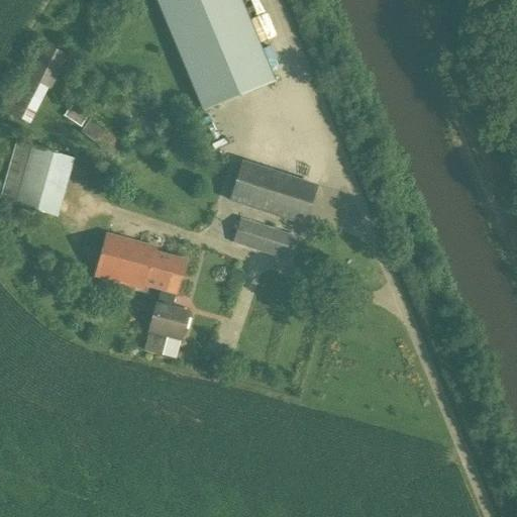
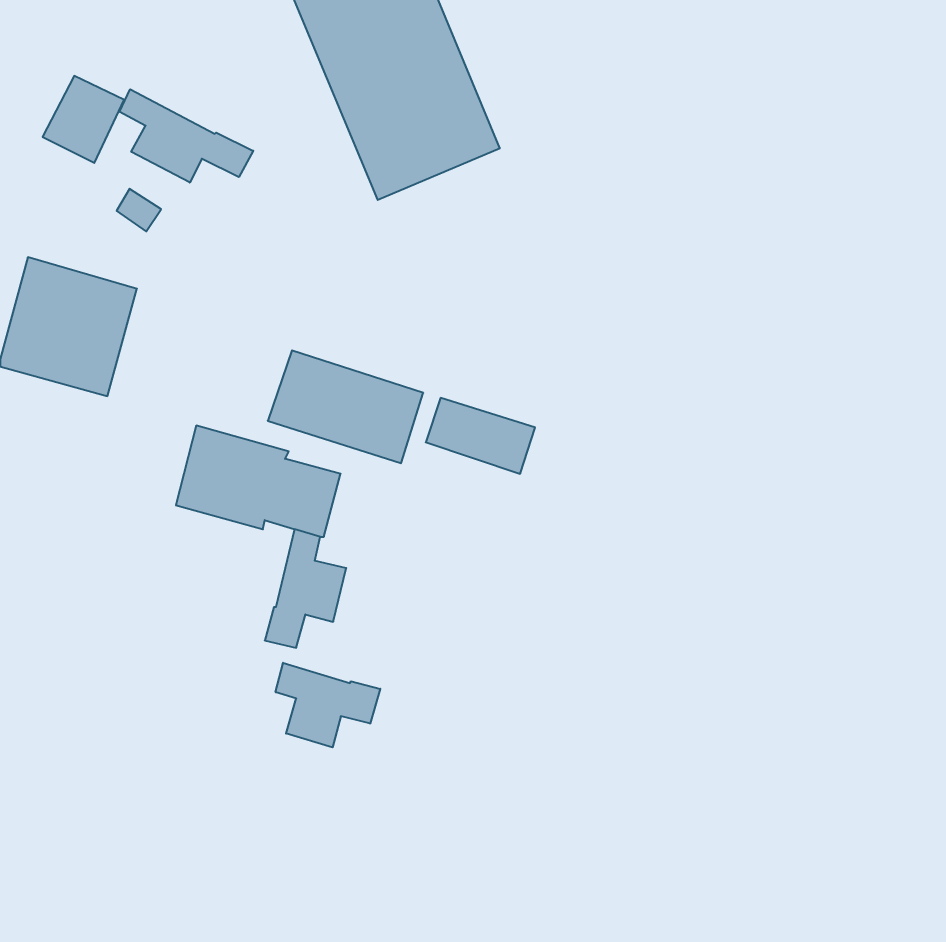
building: none -> [120,89,253,183]
building: [231,162,316,223] -> [268,350,423,463]
building: none -> [276,663,380,747]

